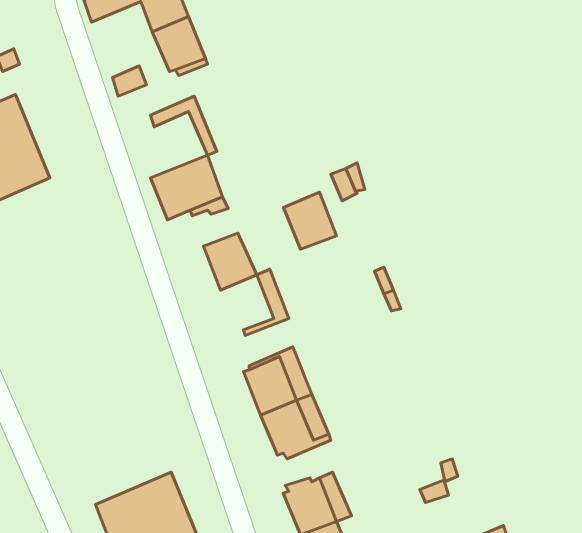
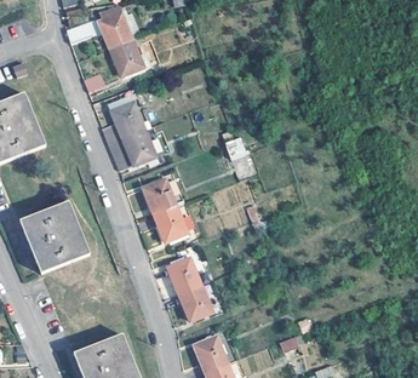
building: none -> [102,102,144,144]
building: [283,192,337,249] -> [153,206,187,242]
building: none -> [18,201,88,273]

